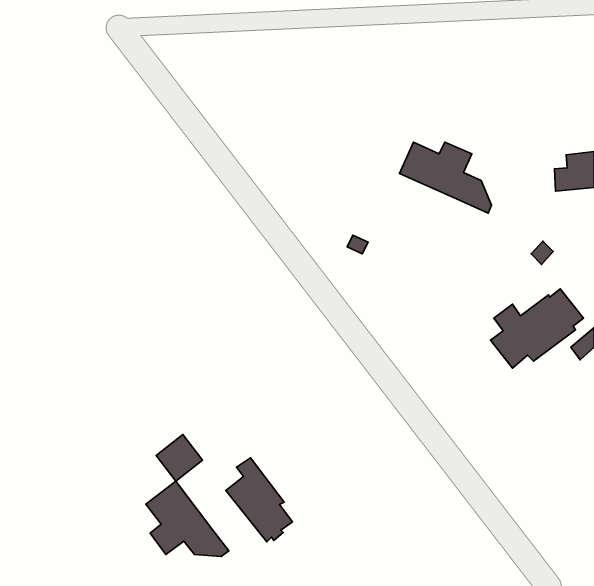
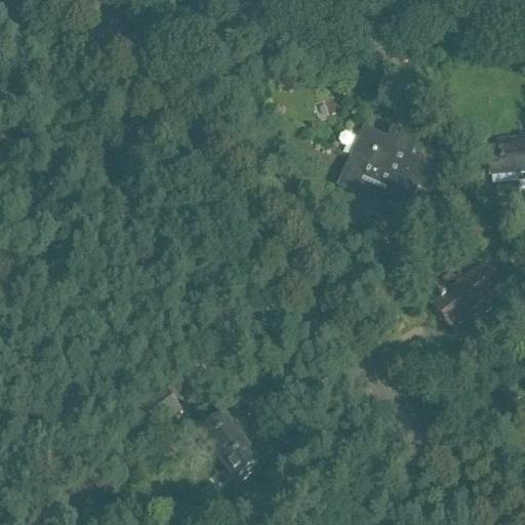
building: none -> [338,153,430,212]
building: [146,481,229,557] -> none

